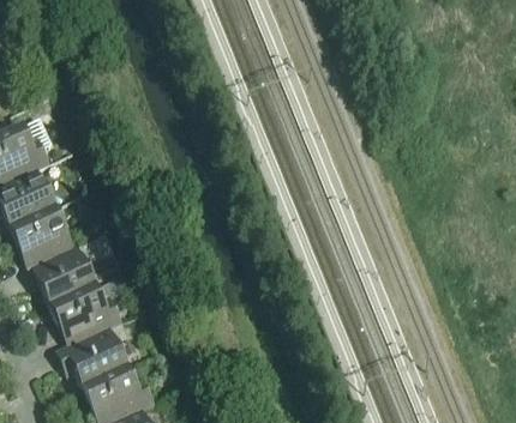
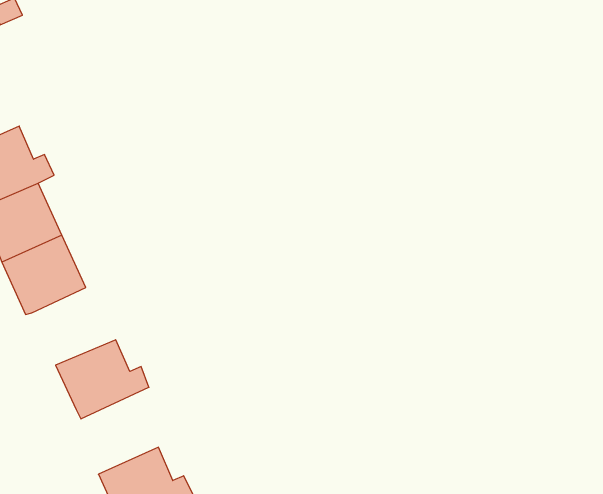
building: [31,242,95,302] -> none
building: [56,319,127,385] -> none

